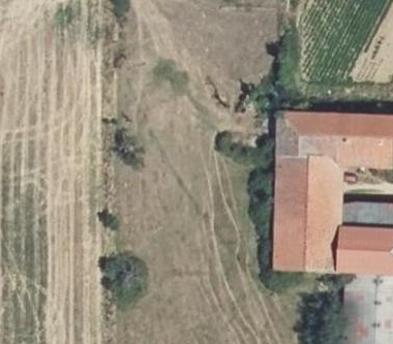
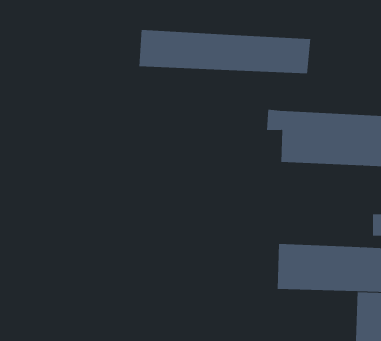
building: none -> [139,29,311,74]
building: [275,156,350,230] -> none

